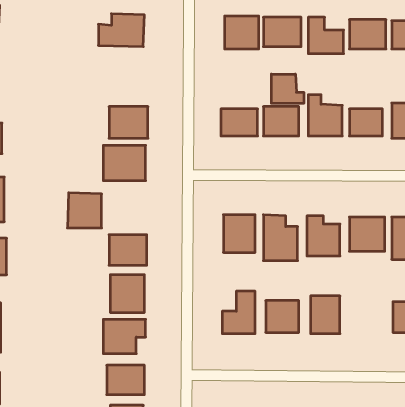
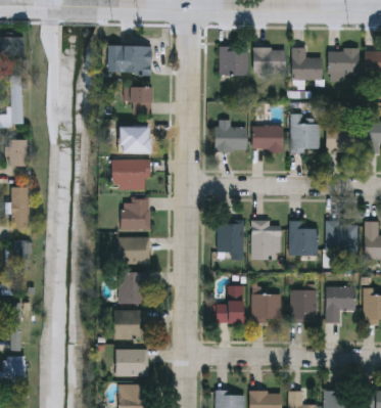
building: none -> [120,87,151,114]
building: [271,74,304,103] -> none
building: [67,193,102,228] -> [122,198,151,229]
building: none -> [327,286,358,322]

